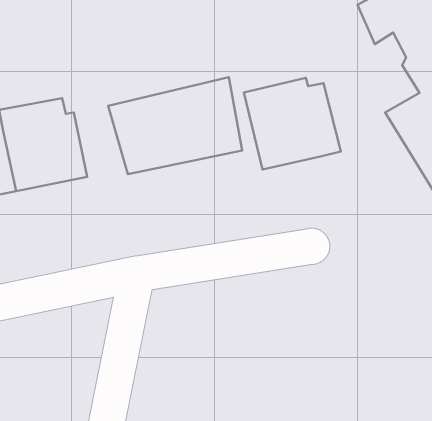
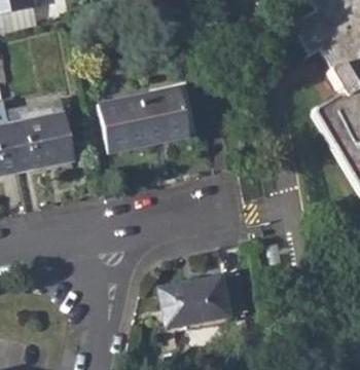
building: [244,78,341,170] -> none
building: none -> [155,272,243,326]

